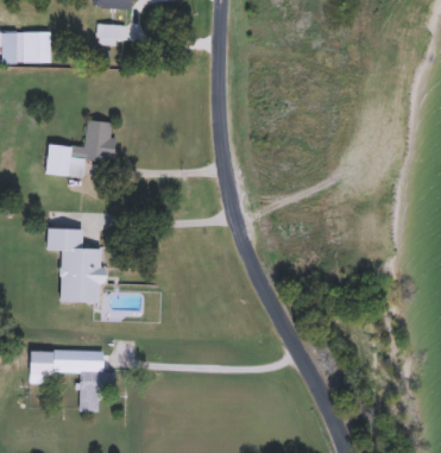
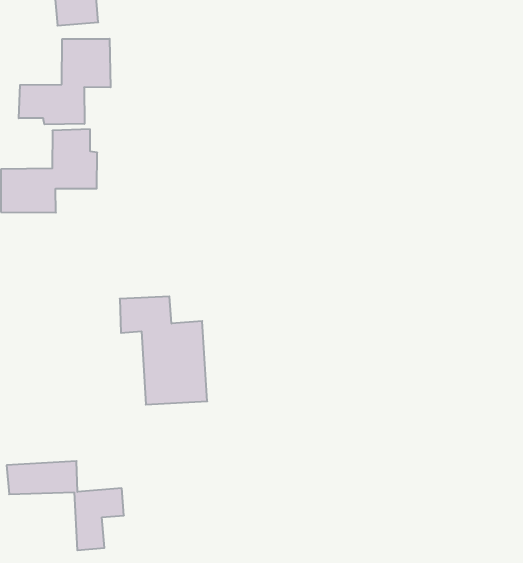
building: none -> [19,39,111,124]
building: [48,227,105,303] -> [120,296,207,405]

